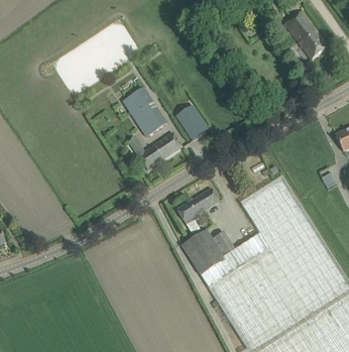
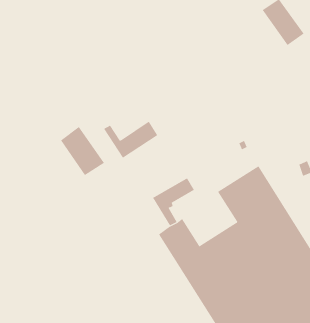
building: [123,87,167,136] -> [60,126,105,176]
building: [177,105,209,139] -> none

